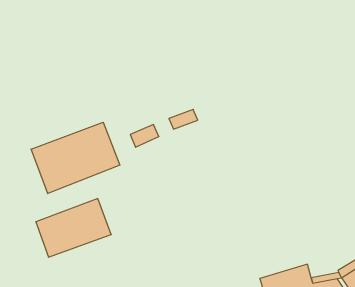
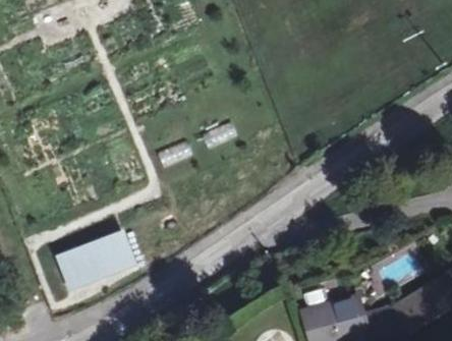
building: [31,122,120,194] -> none

